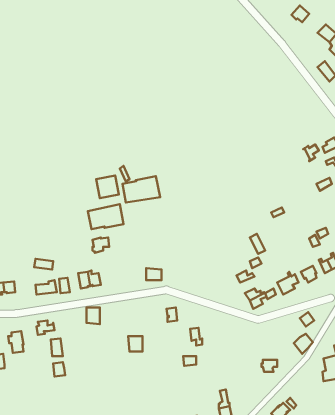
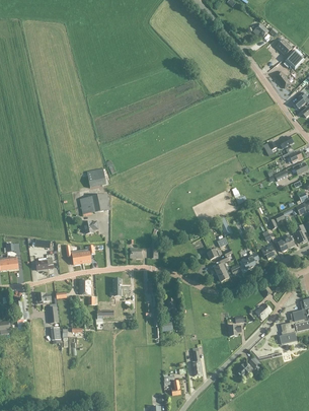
building: [123,176,160,202] -> none

